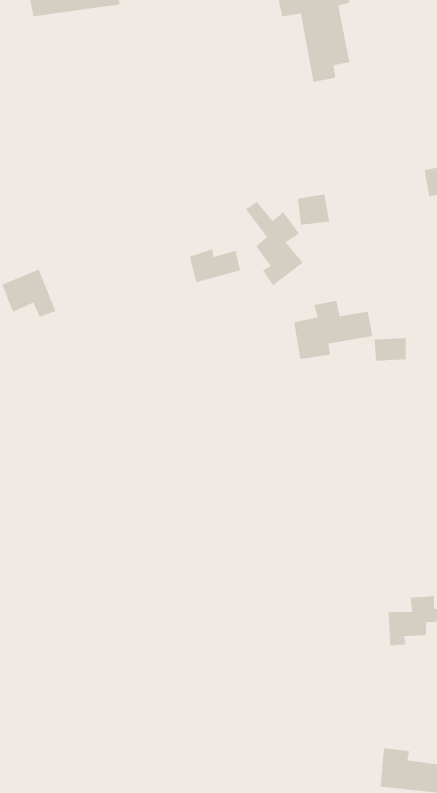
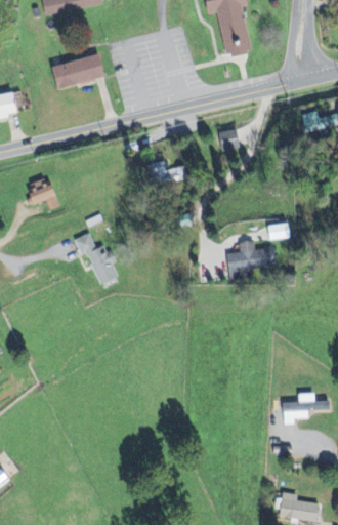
building: none -> [54,52,108,88]
building: [245,201,303,286] -> none
building: [293,300,373,360] -> [224,239,277,278]
building: none -> [74,233,116,283]

